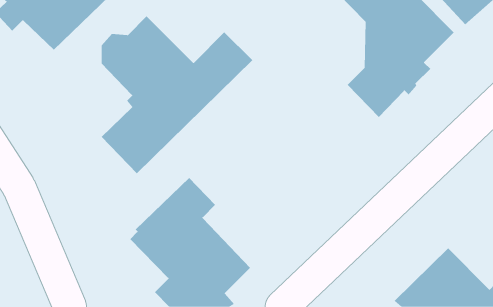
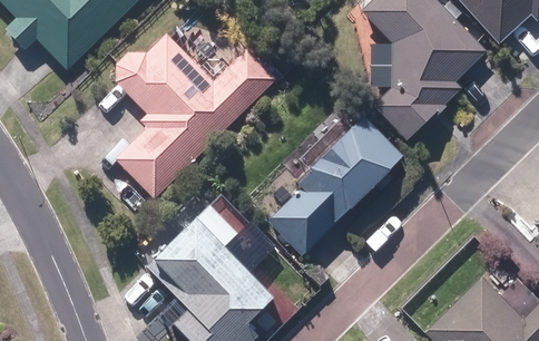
building: none -> [268,115,403,255]

